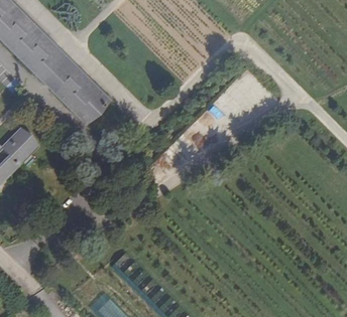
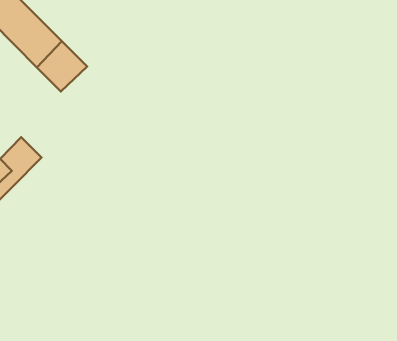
building: [53,68,108,122] -> none

